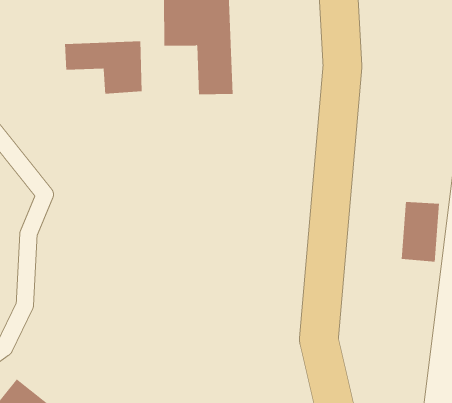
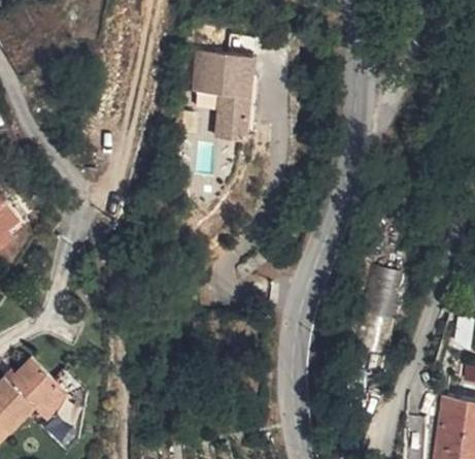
building: [64,41,142,94] -> none

